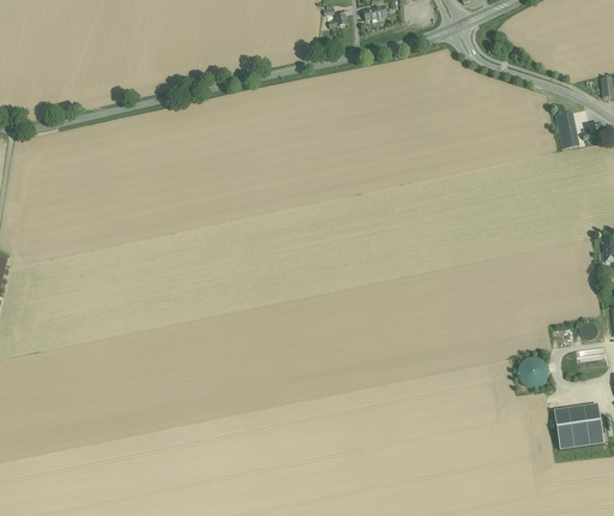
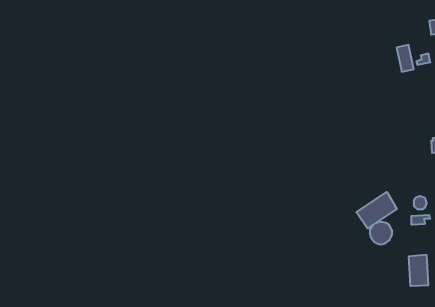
building: none -> [356,192,397,228]
building: [552,406,573,448] -> none

